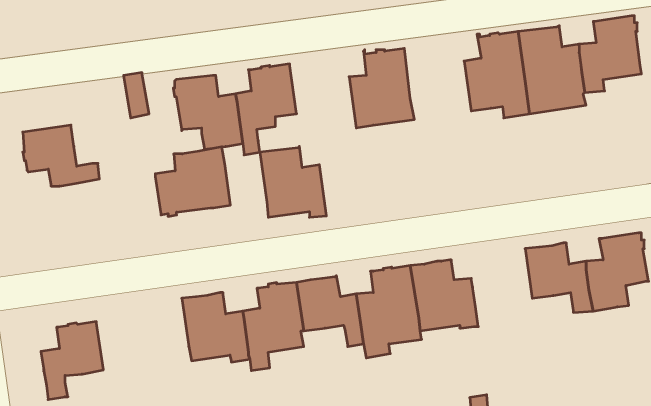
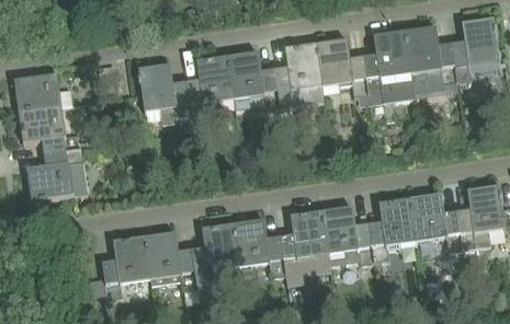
building: none -> [316,39,367,94]
building: none -> [15,71,71,108]
building: [260,146,326,217] -> [227,51,279,106]
building: [155,147,230,216] -> [29,144,87,198]
building: none -> [367,198,416,258]
building: [41,322,103,400] -> [101,236,149,297]

